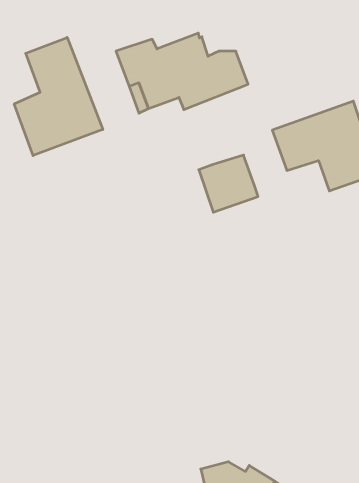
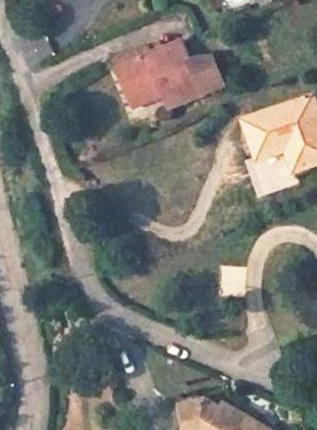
building: [14,37,103,156] -> none
building: [199,155,258,212] -> [243,146,293,194]

